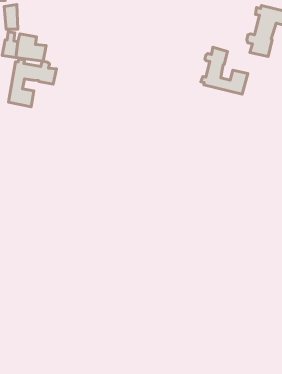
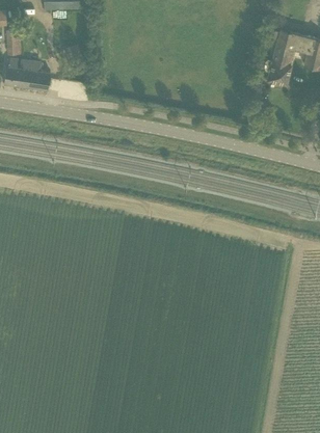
building: [201,47,248,94] -> none
building: [8,59,57,107] -> none

